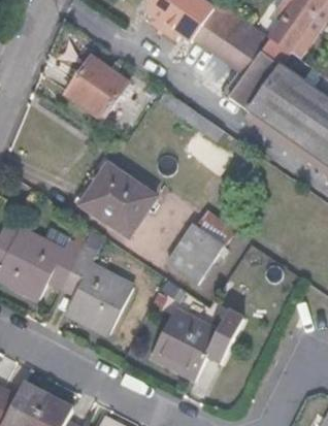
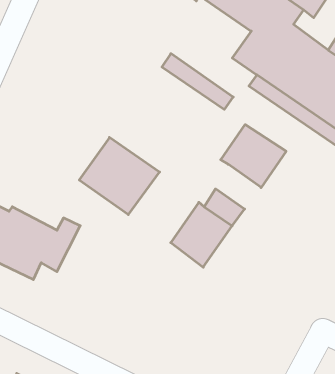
building: [65,57,128,121] -> none
building: none -> [221,125,286,188]
building: [62,249,131,333] -> none
building: [153,310,241,379] -> none

